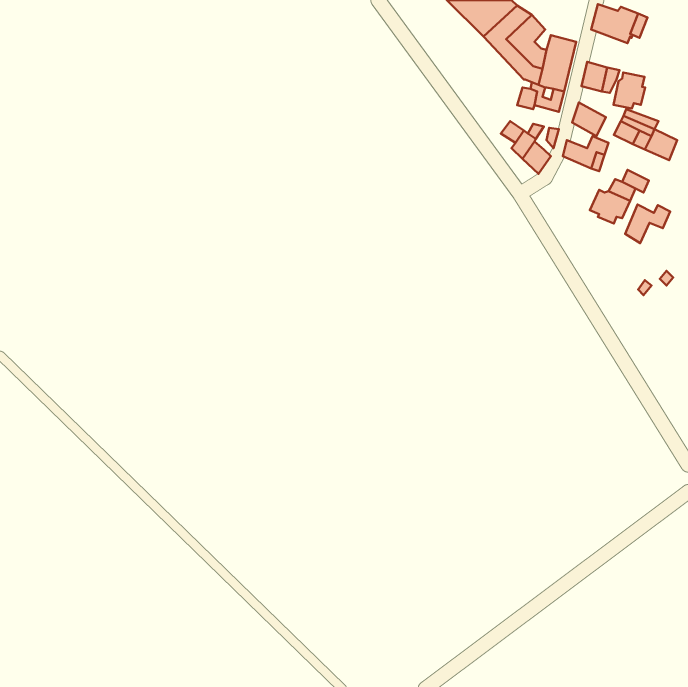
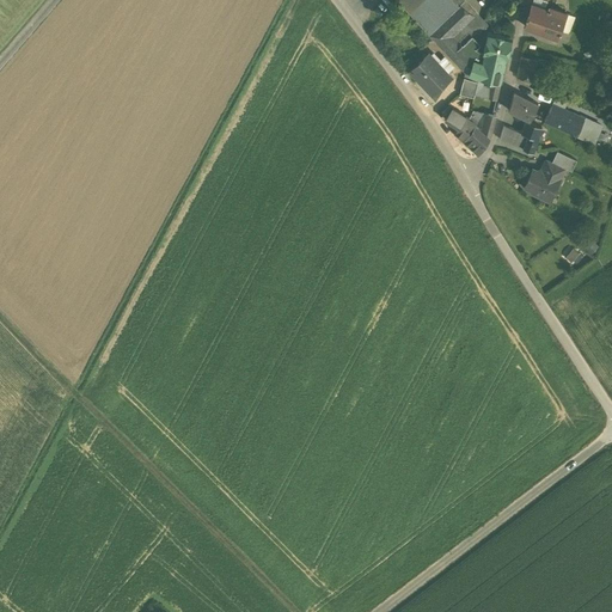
building: none -> [409,54,452,96]
building: [613,72,645,108] -> none
building: [625,204,670,243] -> none

